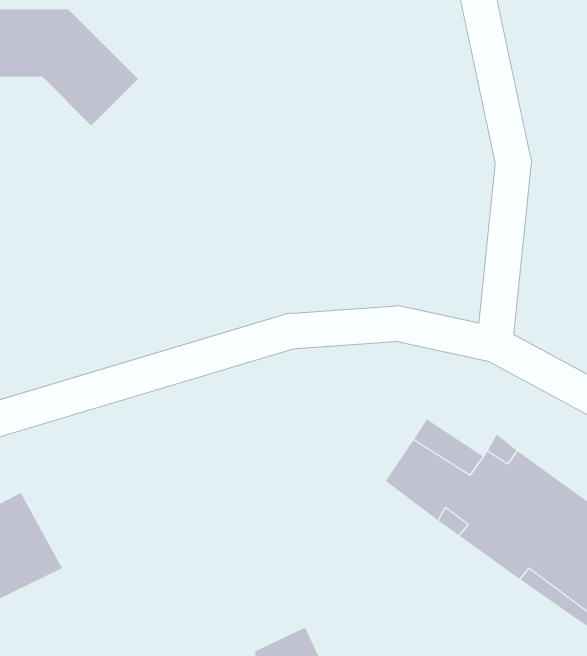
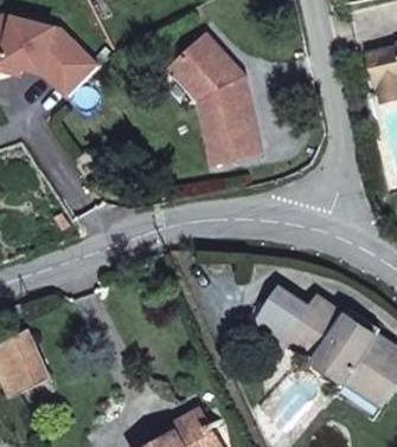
building: none -> [164,26,257,156]

